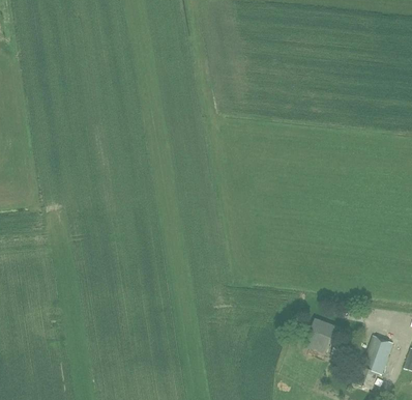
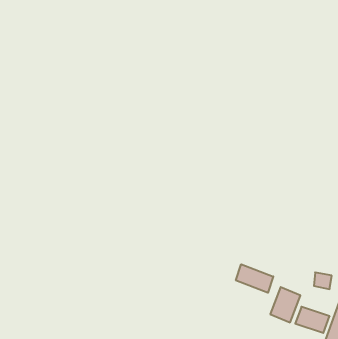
building: none -> [236,264,273,293]

